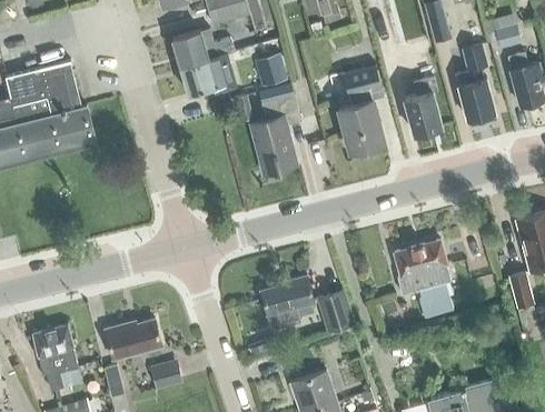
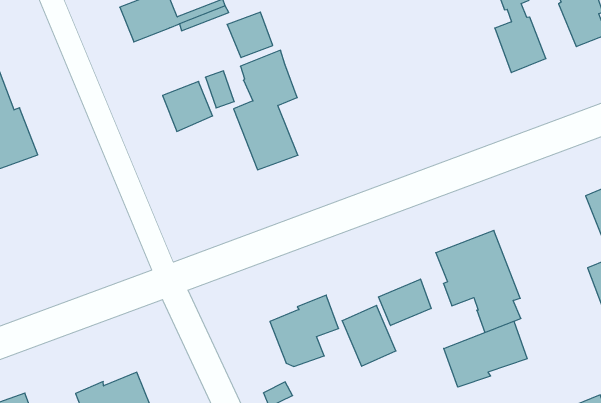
building: [179,58,216,94] -> [163,81,213,131]
building: [336,64,382,151] -> none
building: [403,77,442,134] -> none
building: none -> [378,279,431,326]
building: none -> [444,321,527,387]

